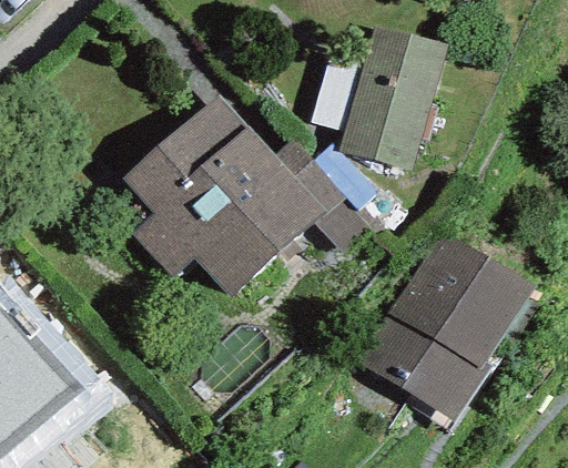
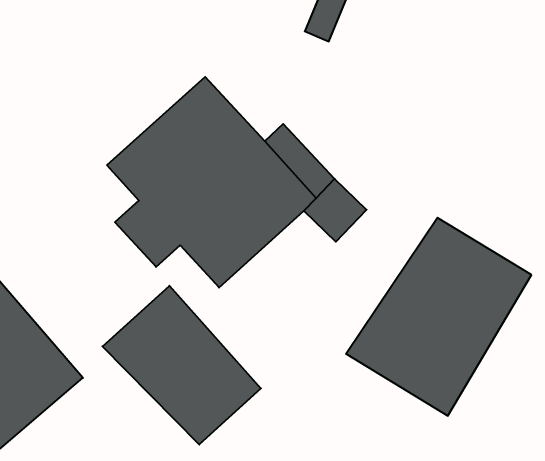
building: [338,27,446,169] -> none
building: none -> [102,286,261,445]

